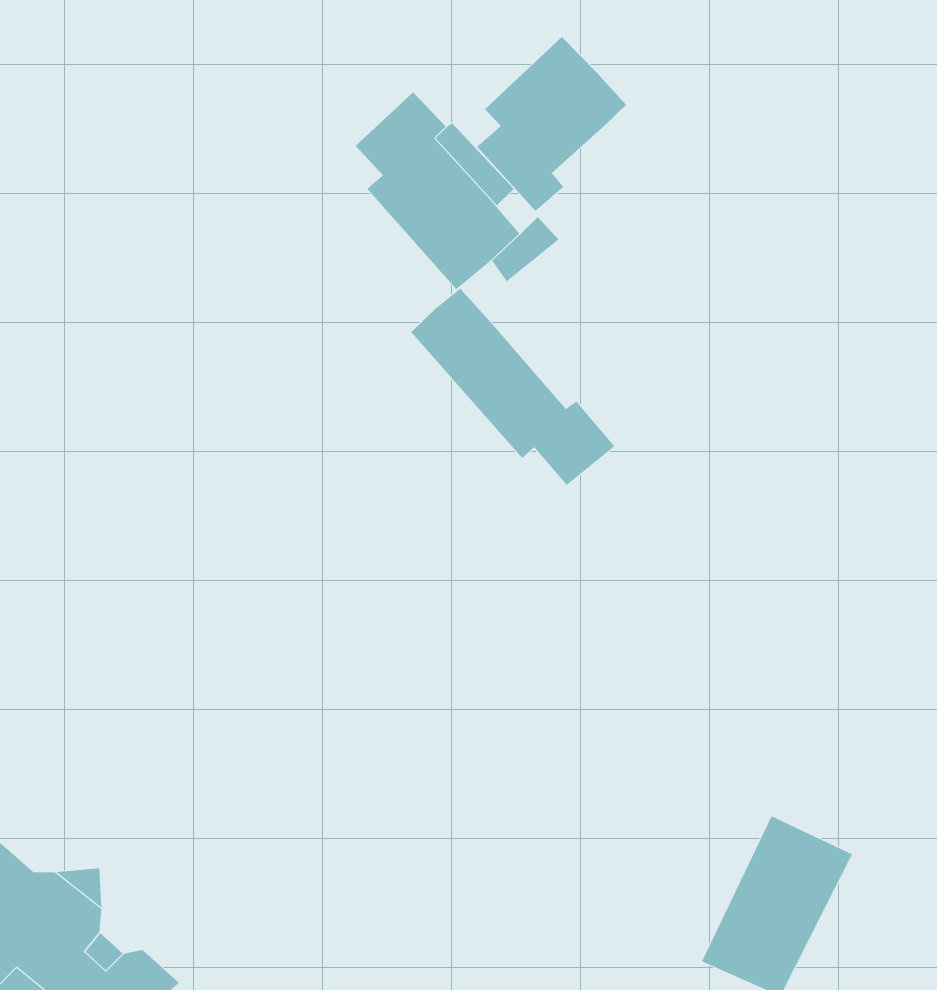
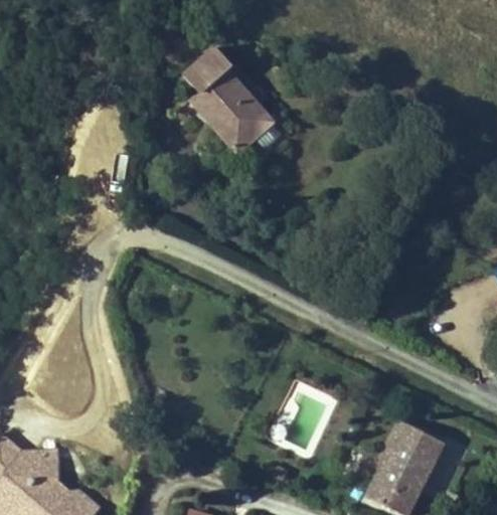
building: [476,36,627,212] -> none
building: [410,288,615,486] -> none

